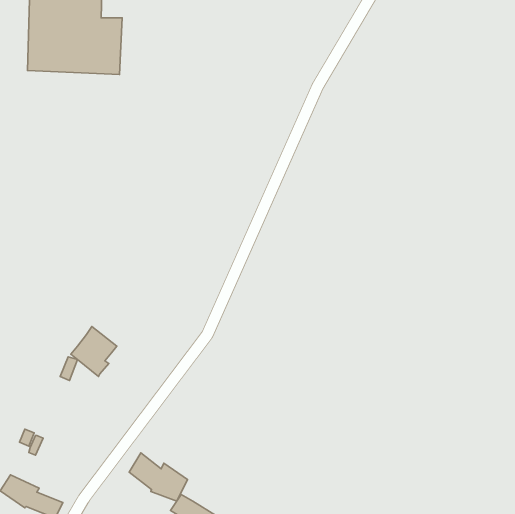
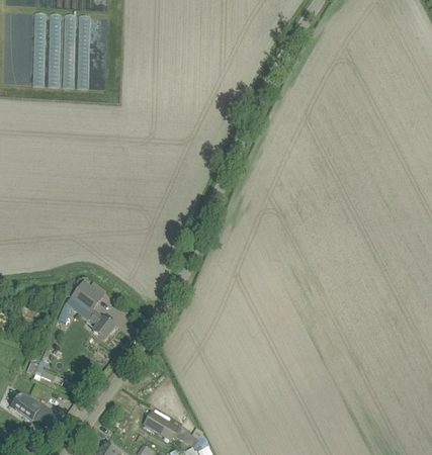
building: none -> [89,309,115,339]
building: [129,453,187,501] -> none

